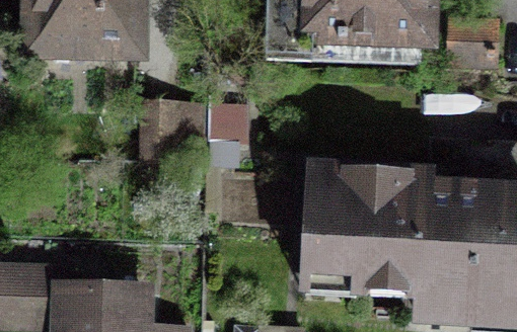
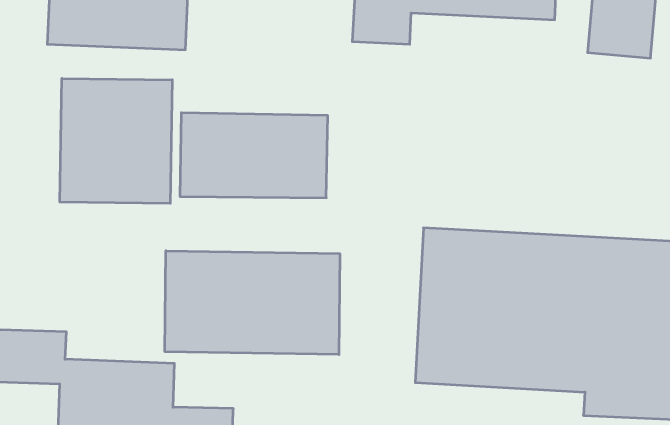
building: none -> [60,78,172,203]
building: none -> [165,251,340,355]

